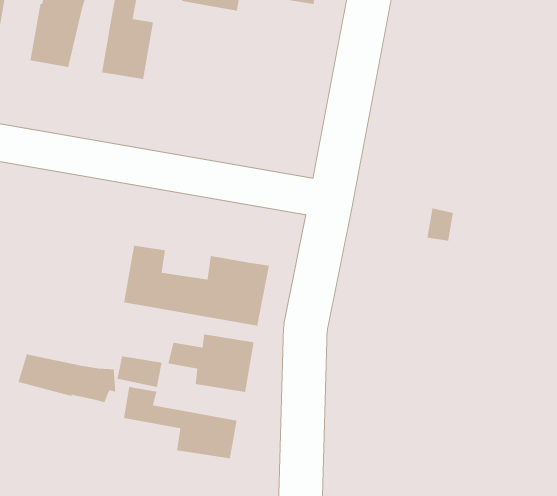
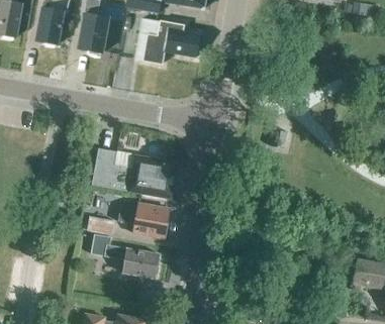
building: none -> [133,18,199,64]
building: [17,353,116,403] -> none

